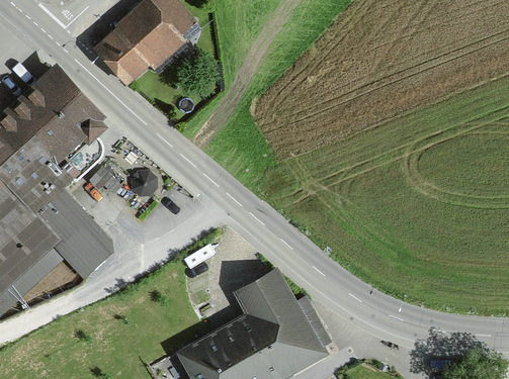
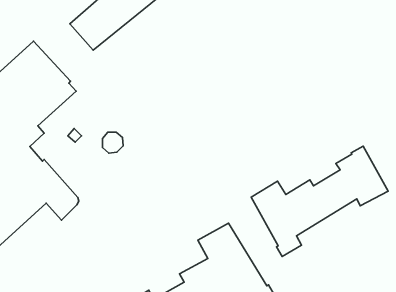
building: none -> [251,146,388,256]

